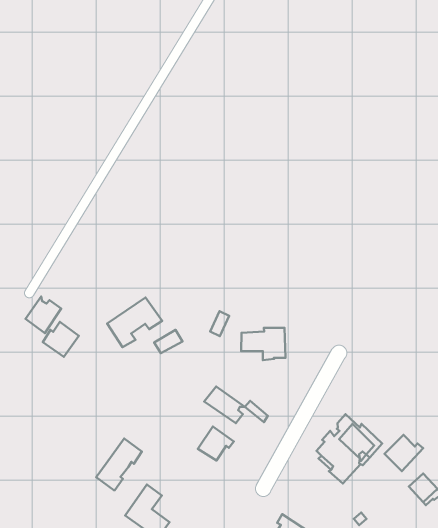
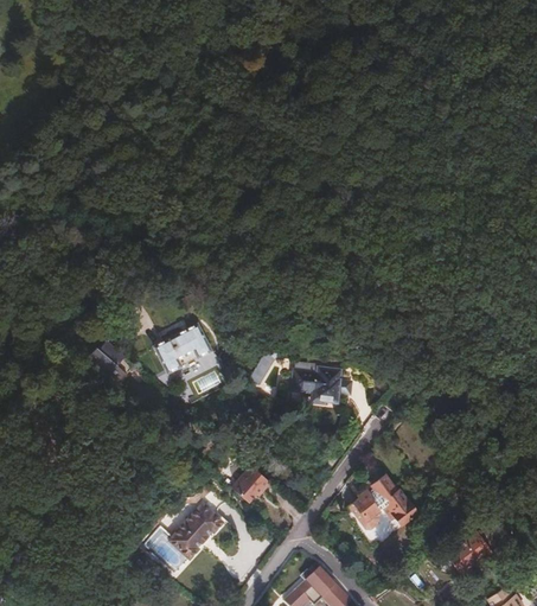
building: [26,296,61,333] -> none
building: [204,387,245,423] -> none
building: [385,435,423,471] -> none
building: [96,439,142,490] -> [177,506,226,559]

